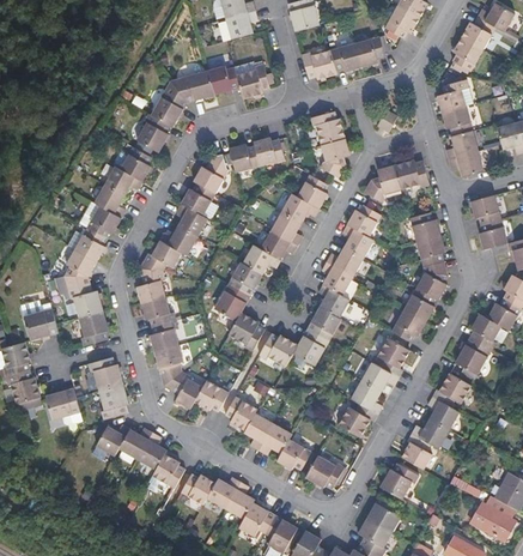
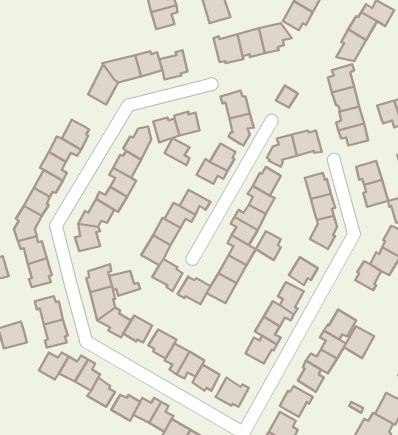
building: [135,114,170,156] -> none
building: [270,212,300,244] -> [164,138,190,165]
building: [403,289,433,324] -> [256,231,281,260]
building: [140,297,177,327] -> [109,271,140,296]
building: [455,338,491,376] -> [344,326,374,358]

